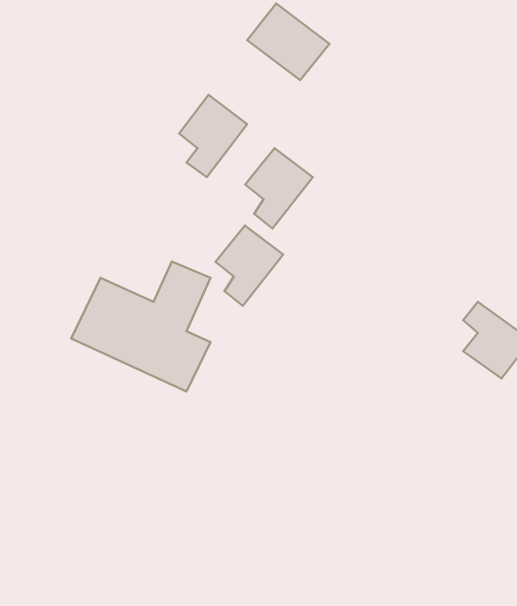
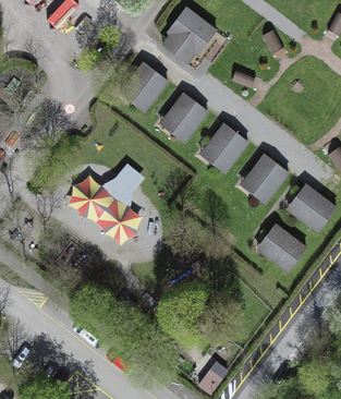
building: [215,225,283,306] -> [207,124,247,172]
building: none -> [247,155,288,203]
building: none -> [266,225,305,271]

